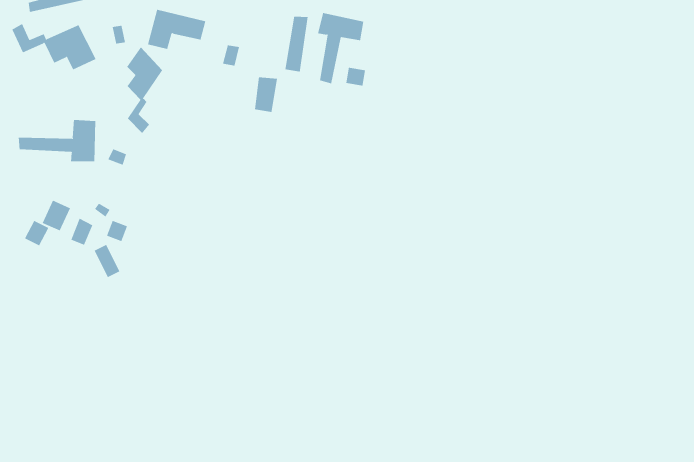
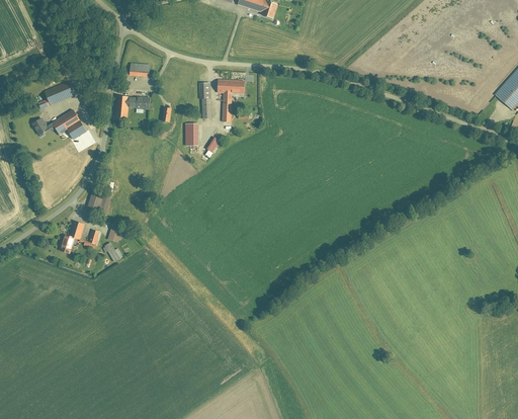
building: [127,46,163,134] -> none
building: [18,119,96,162] -> none

